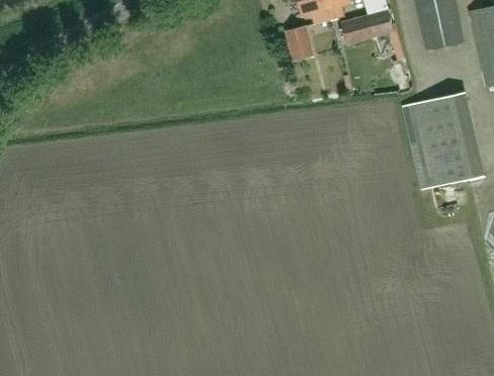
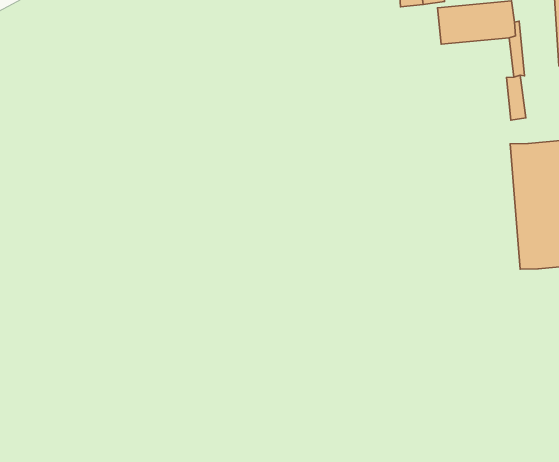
building: [284,24,315,61] -> none

